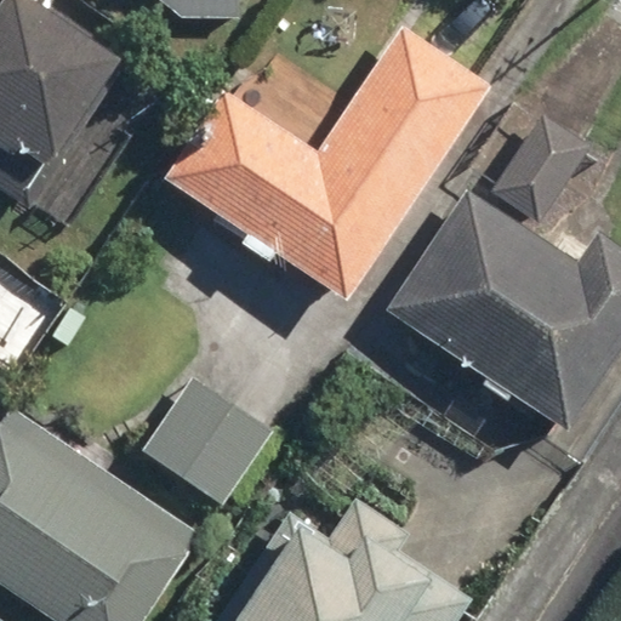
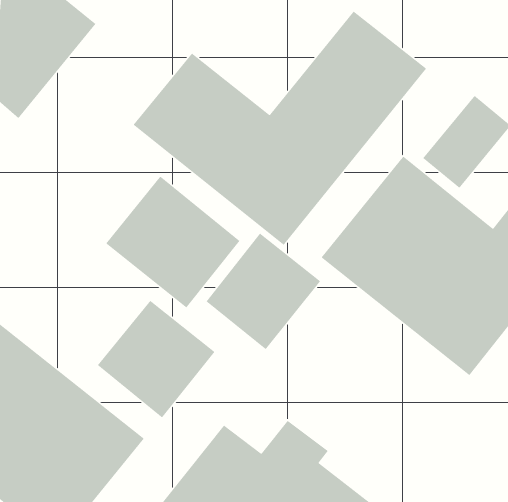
building: none -> [105,175,240,309]
building: none -> [205,233,321,350]

